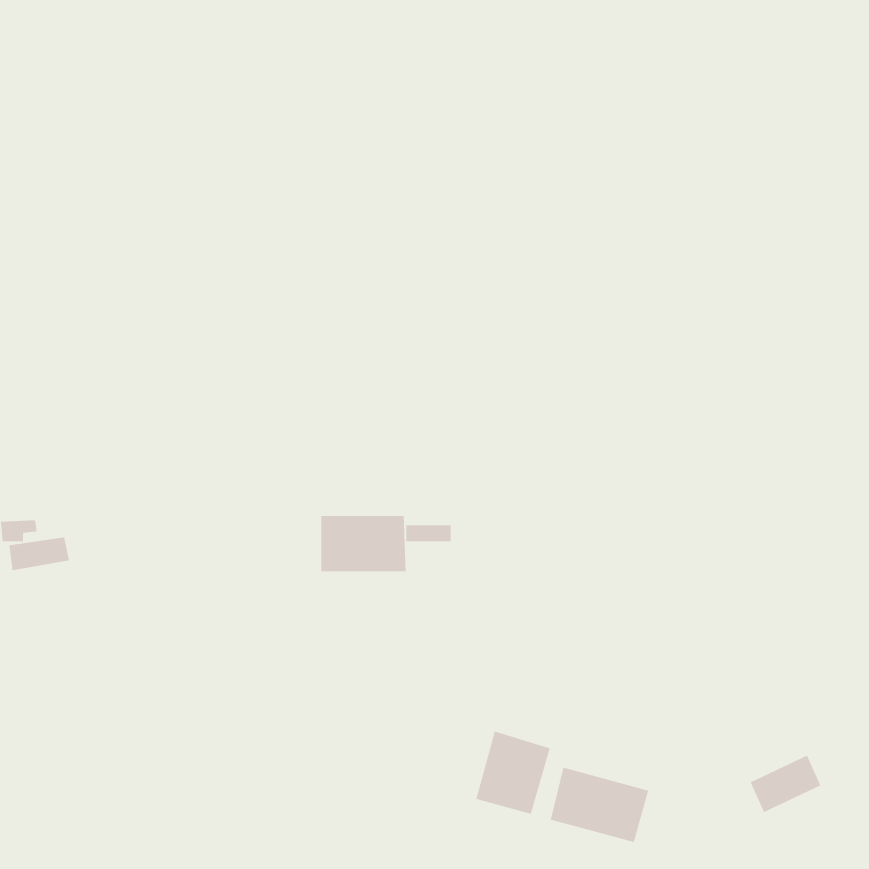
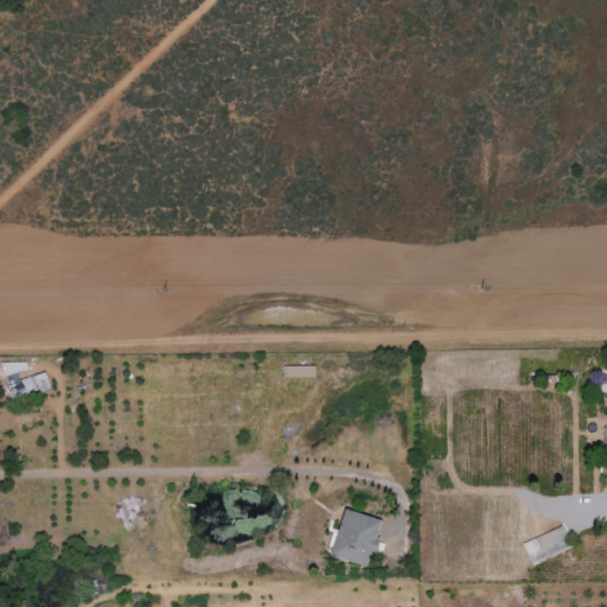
building: [321,515,406,572] -> none
building: [550,767,649,843] -> none

